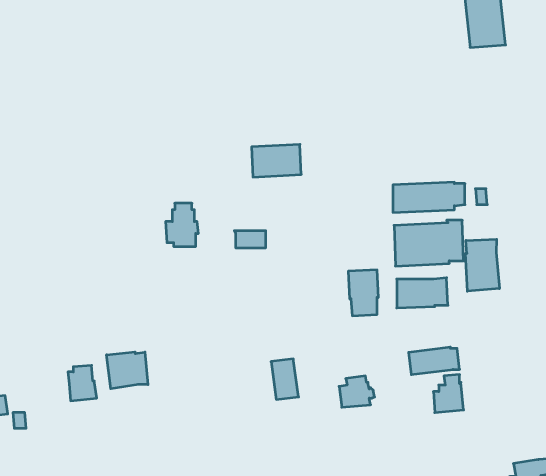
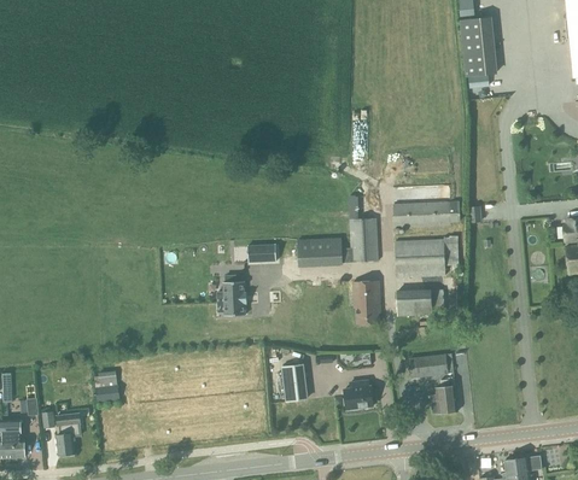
building: [252,144,301,177] -> [297,238,343,268]
building: none -> [349,218,379,263]
building: [166,203,198,246] -> [217,276,247,316]
building: [466,239,499,291] -> none
building: [107,352,148,389] -> none
building: none -> [57,414,81,456]

